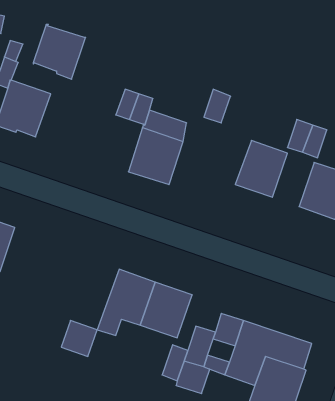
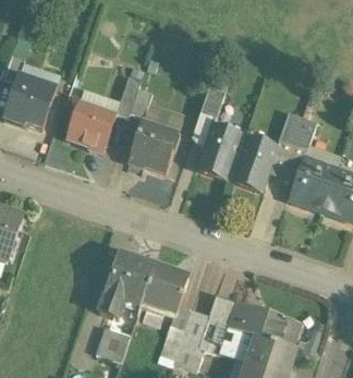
building: [33,25,86,79] -> [66,102,115,154]
building: none -> [195,121,244,174]
building: [61,320,97,356] -> [96,327,130,361]

